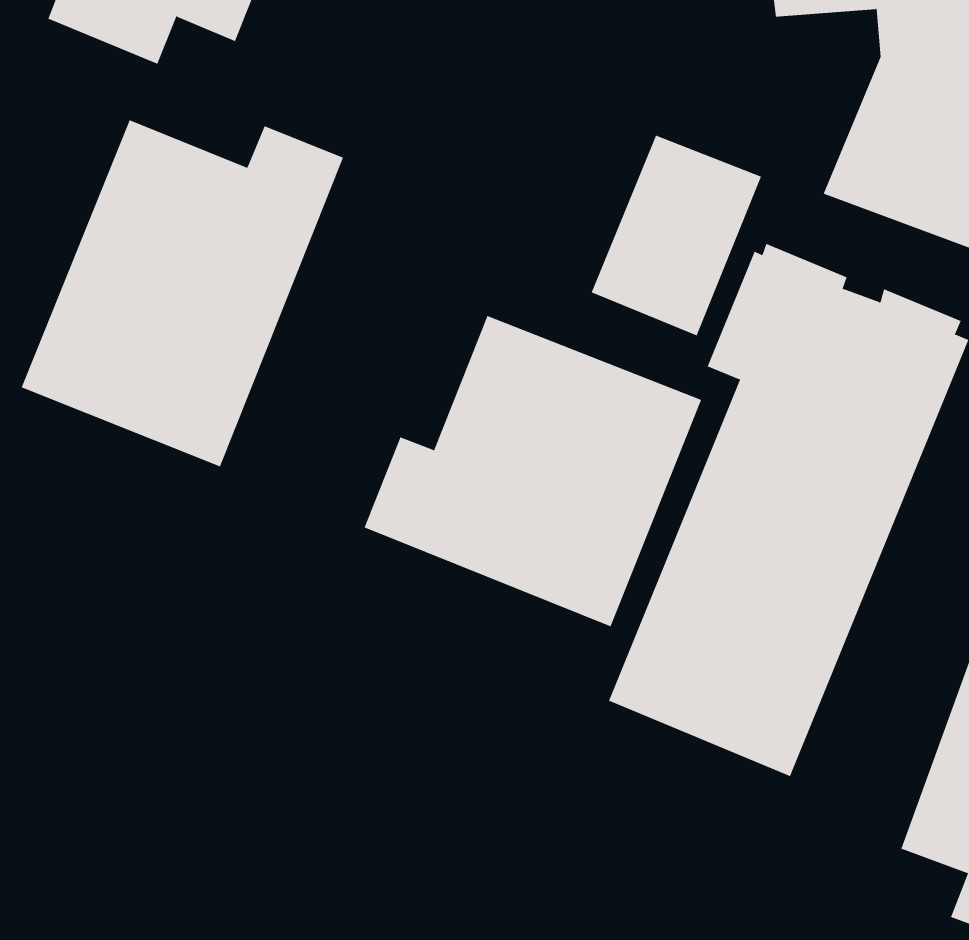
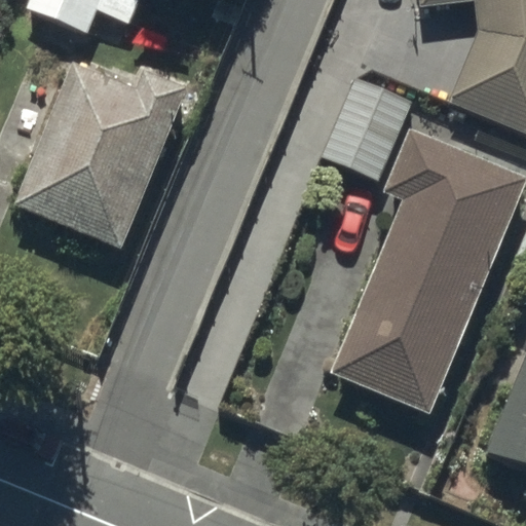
building: [364,315,702,627] -> none

